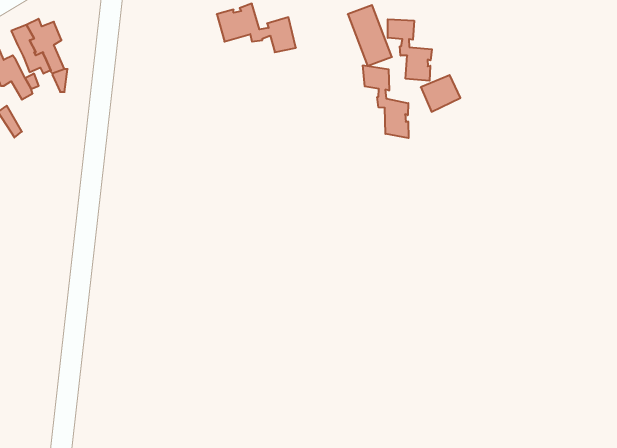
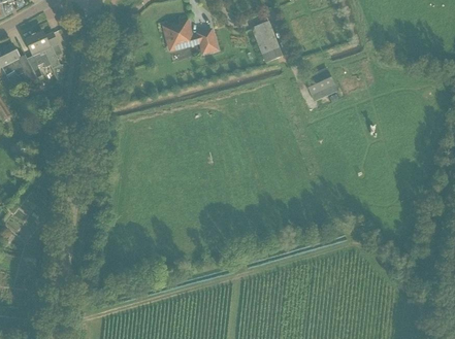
building: [388,19,432,81] -> none
building: [363,65,409,138] -> none

